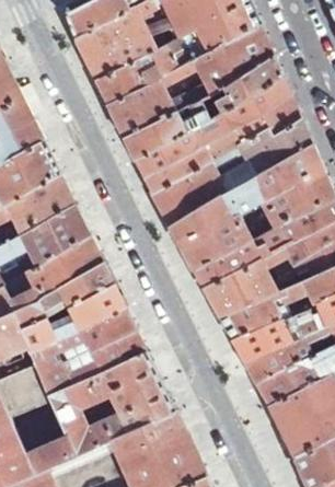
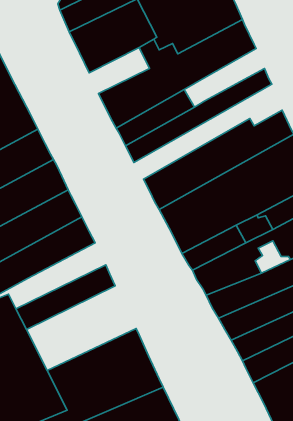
building: [96,56,160,104] -> none
building: [211,57,280,112] -> none
building: [143,94,299,194] -> none
building: [12,260,114,329] -> none
building: [31,305,146,394] -> none

